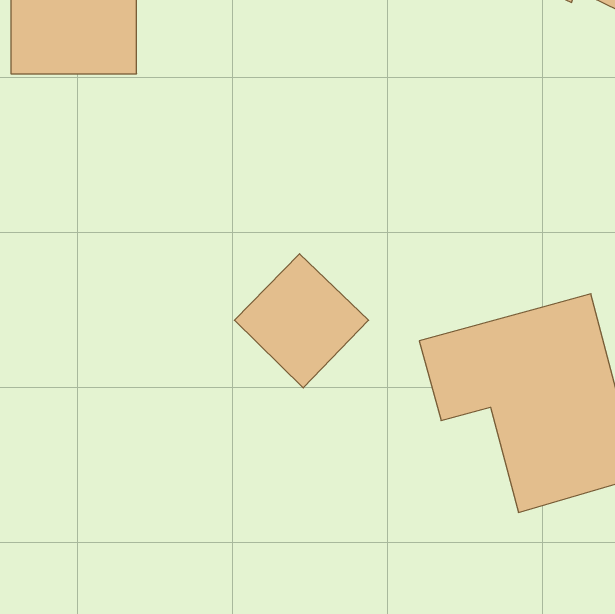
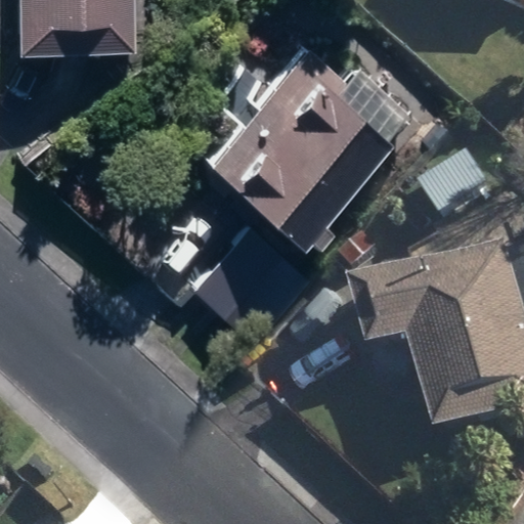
building: none -> [222,33,418,218]

